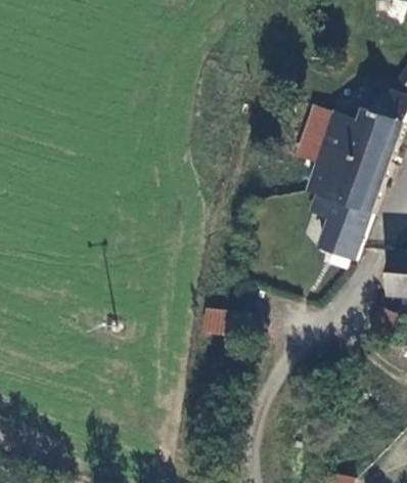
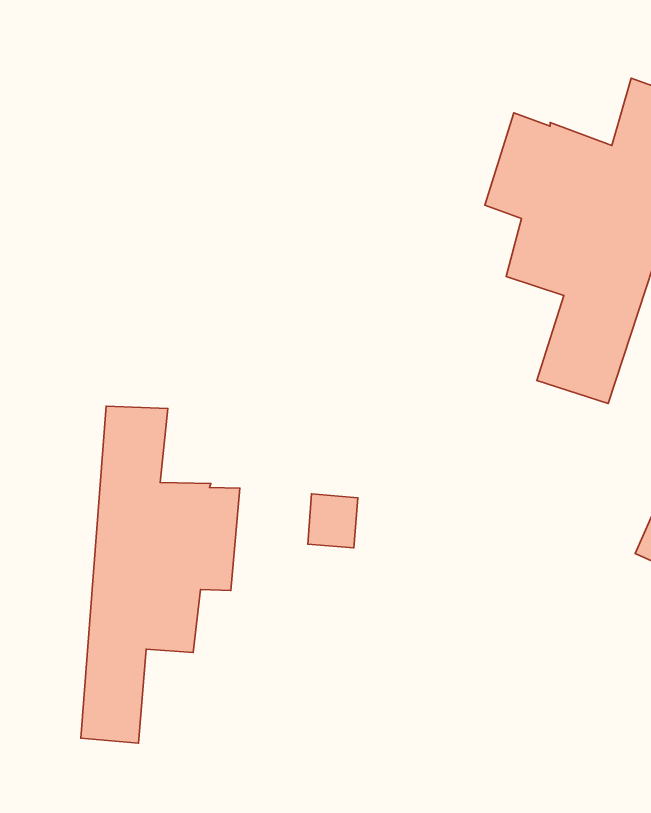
building: none -> [81,406,240,743]

